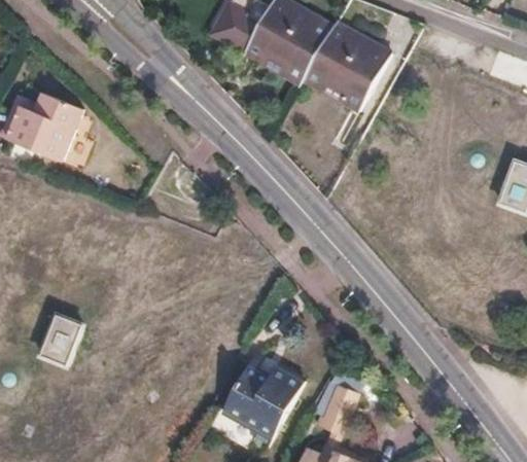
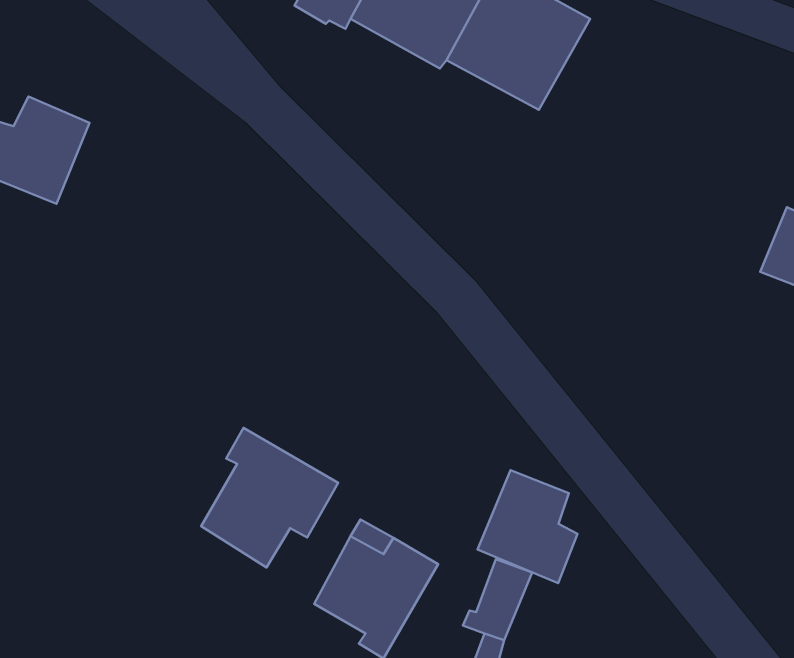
building: none -> [201,428,338,567]
building: [40,317,80,365] -> none
building: none -> [478,470,577,583]

